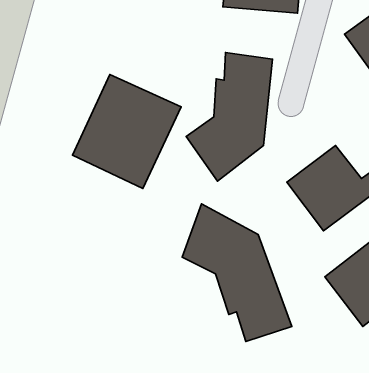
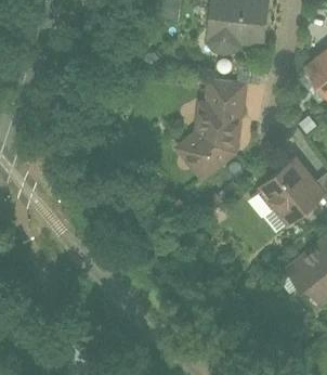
building: [72,75,181,189] -> none
building: [182,204,292,341] -> none

